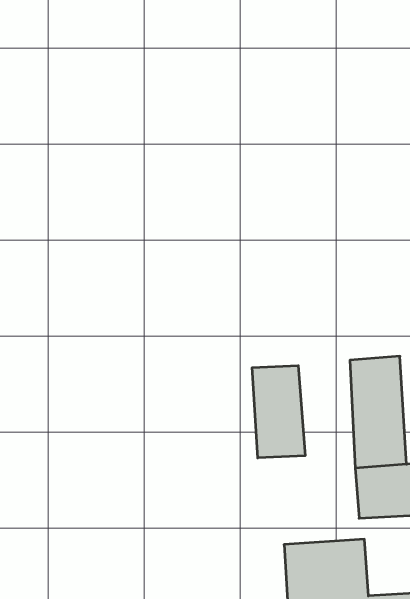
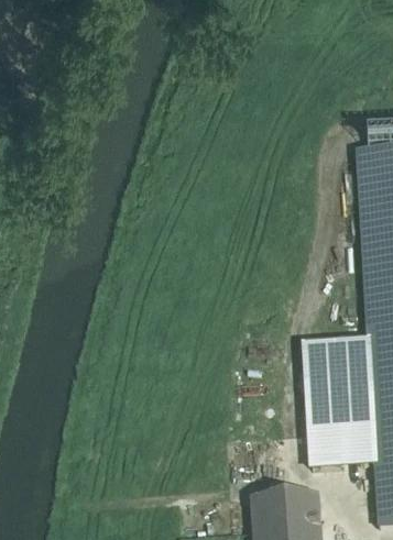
building: [252,366,305,458] -> none

